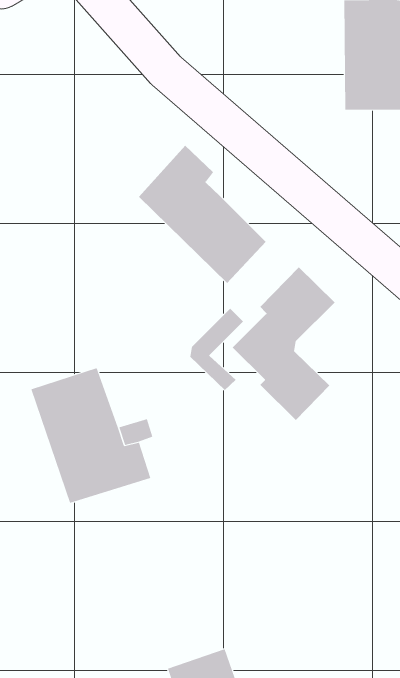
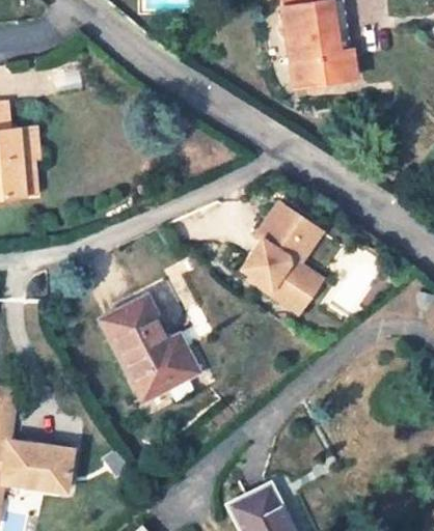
building: [138,145,267,284] -> none
building: [190,308,244,391] -> [287,224,323,284]

